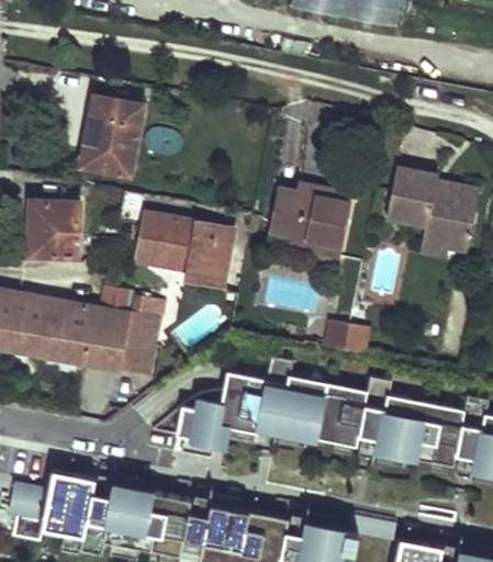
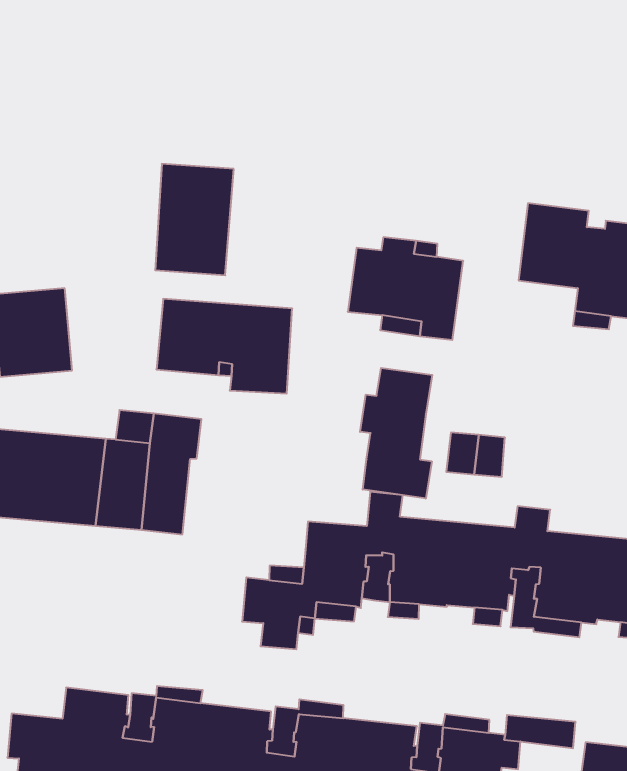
building: [81,92,141,171] -> [155,164,234,275]
building: none -> [360,368,432,499]

